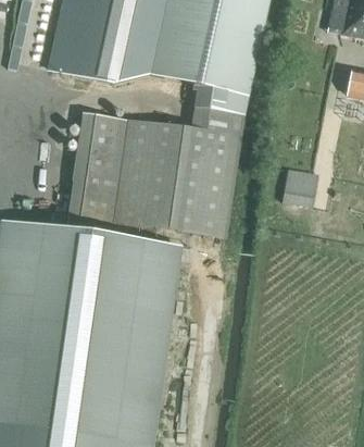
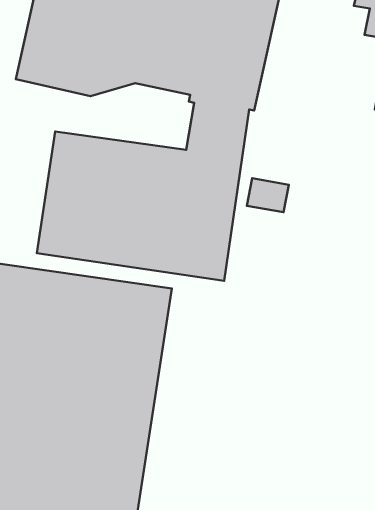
building: [284,170,318,198] -> [247,178,289,212]

